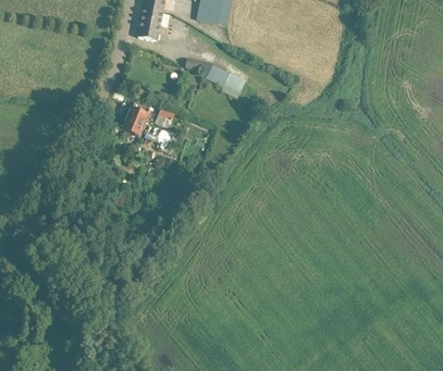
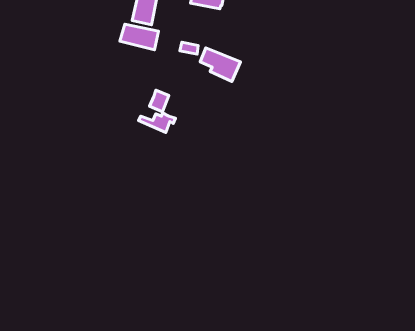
building: none -> [120,24,158,50]
building: [123,102,149,136] -> none

